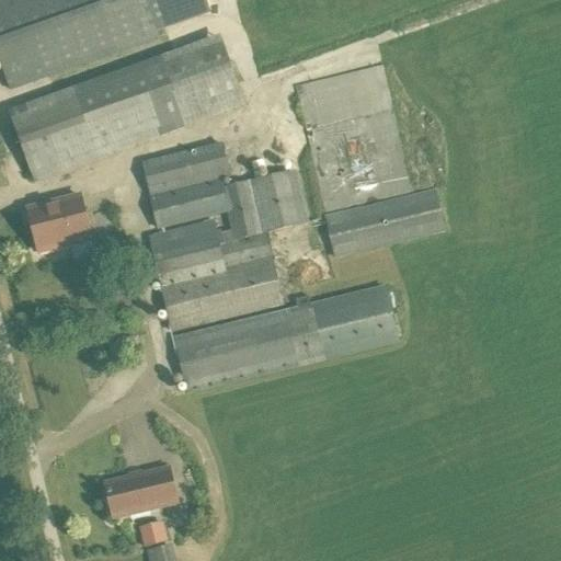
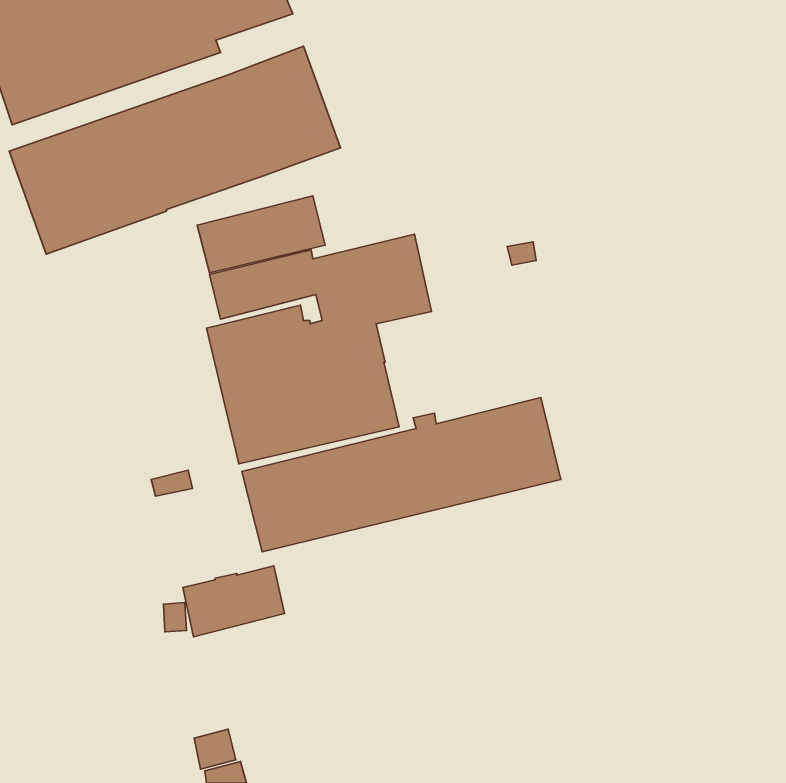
building: [323,186,445,257] -> none
building: [25,193,92,250] -> none
building: [104,466,176,516] -> [183,566,285,637]

